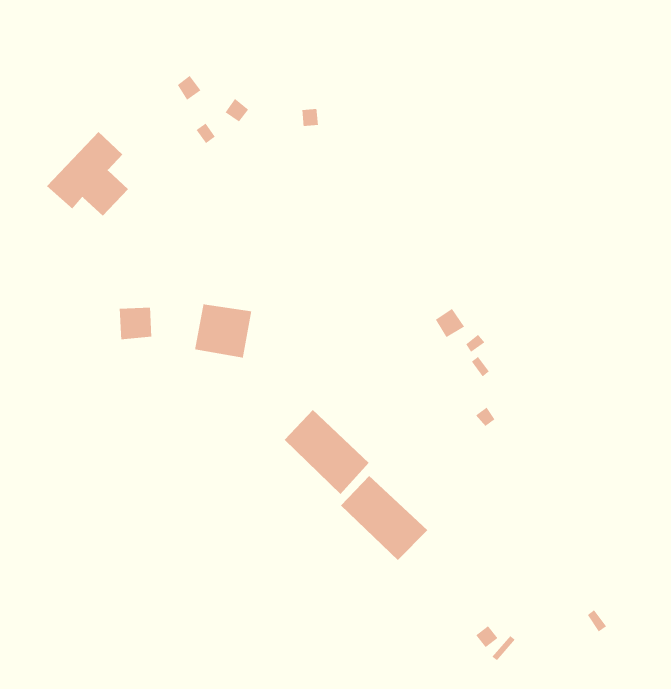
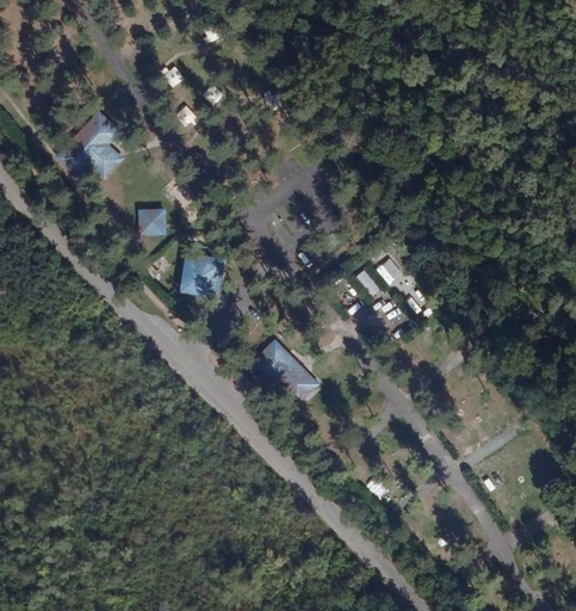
building: [119,307,152,340] -> [138,206,166,234]
building: [340,475,428,561] -> none

